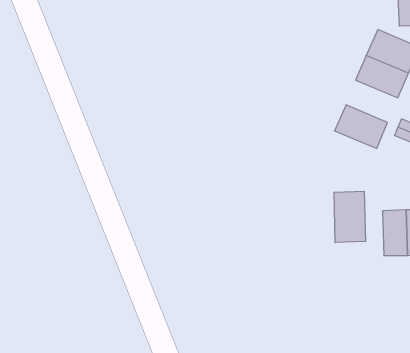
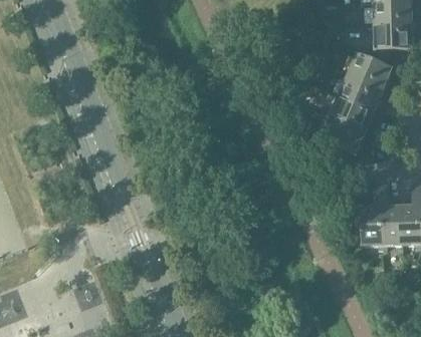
building: none -> [328,93,372,129]
building: [334,191,365,243] -> none

